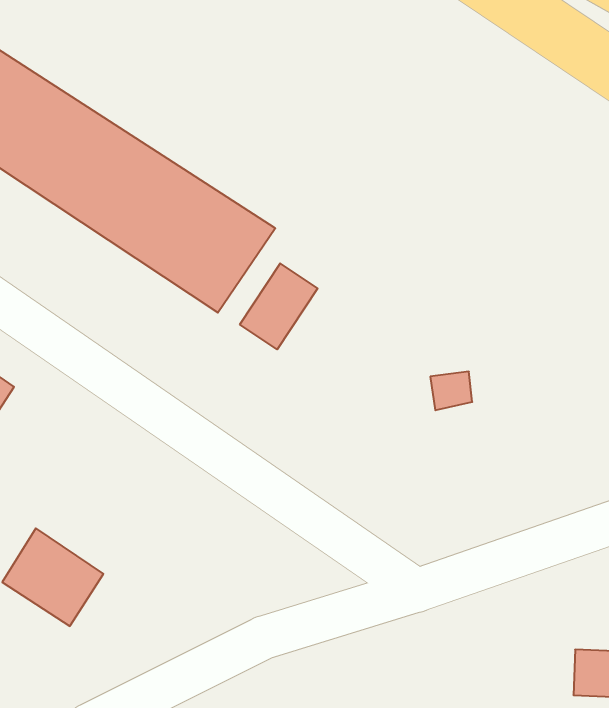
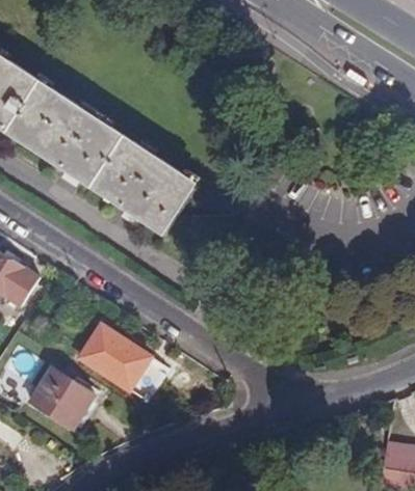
building: [240,263,318,349] -> none
building: none -> [79,327,149,391]

